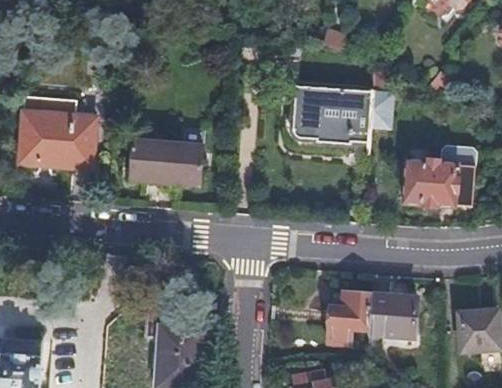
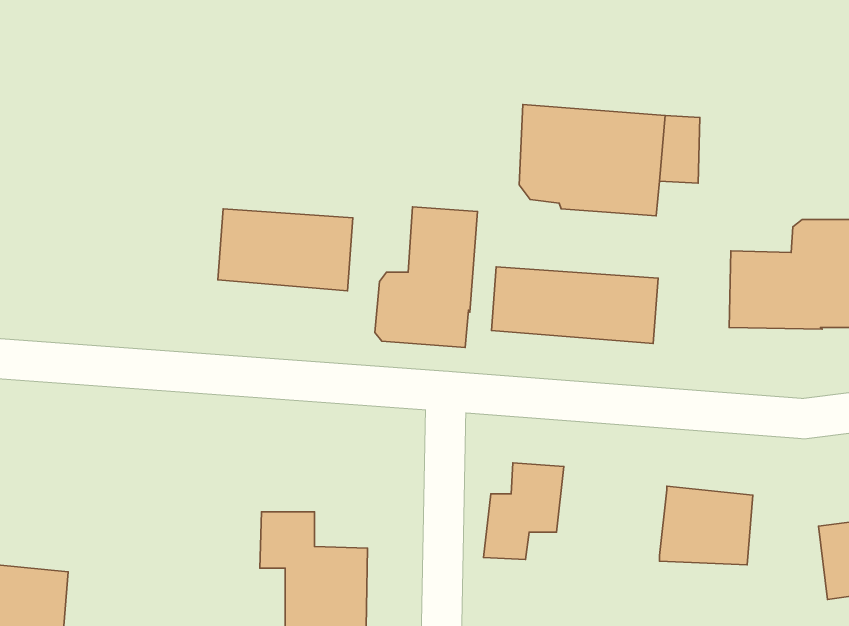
building: [15,96,93,168] -> none
building: none -> [375,207,477,348]
building: none -> [491,267,658,343]
building: [328,291,372,344] -> [484,463,564,559]

